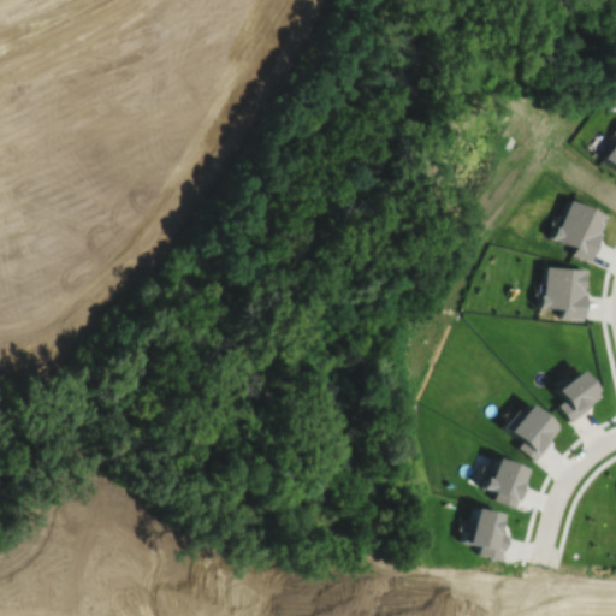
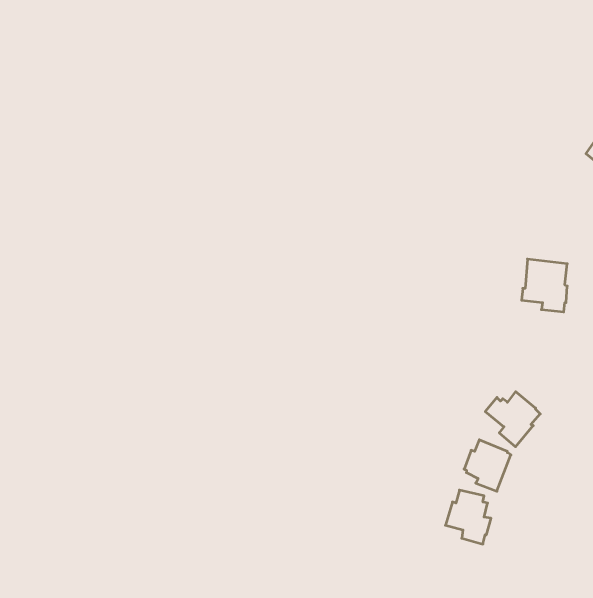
building: [553,201,610,263] -> none
building: [557,373,603,421] -> none

